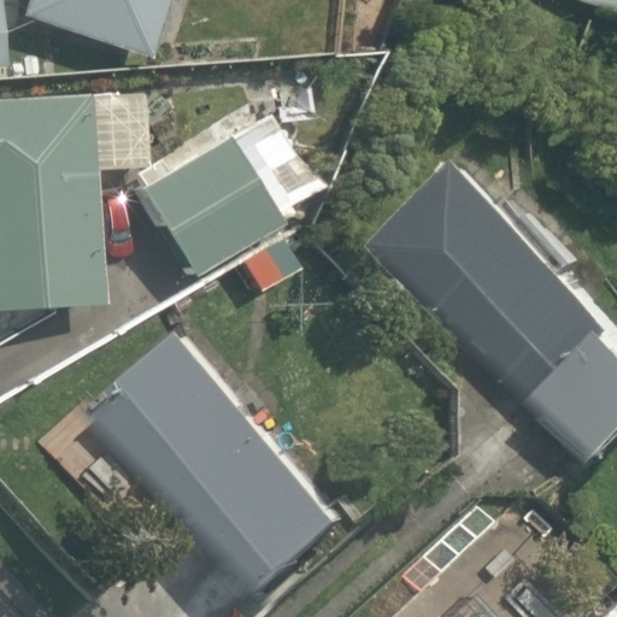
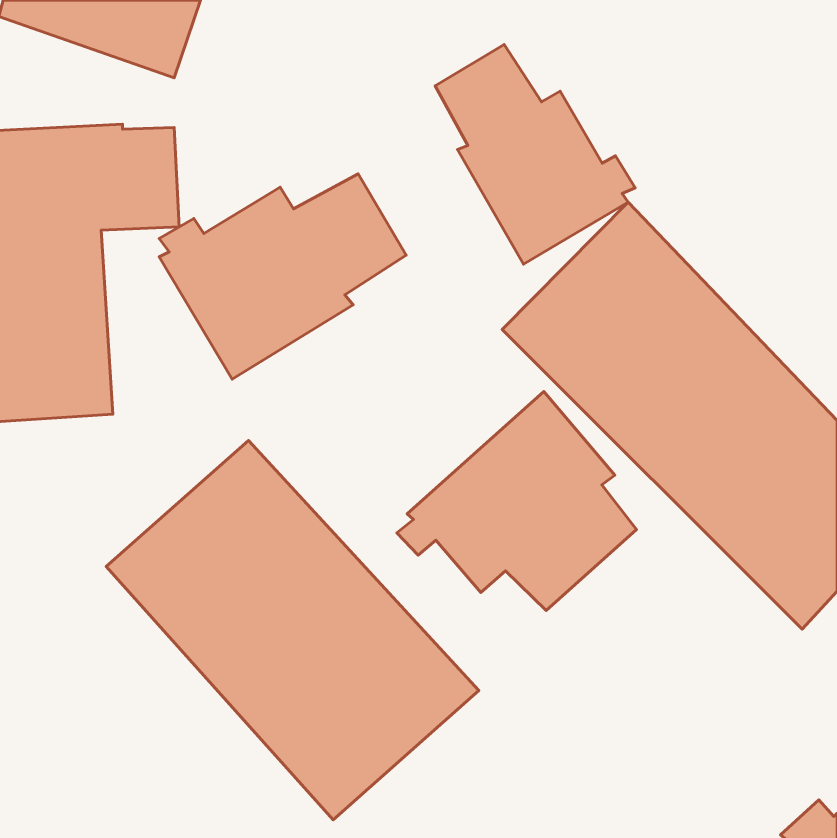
building: none -> [435,45,635,264]
building: none -> [397,391,637,610]

